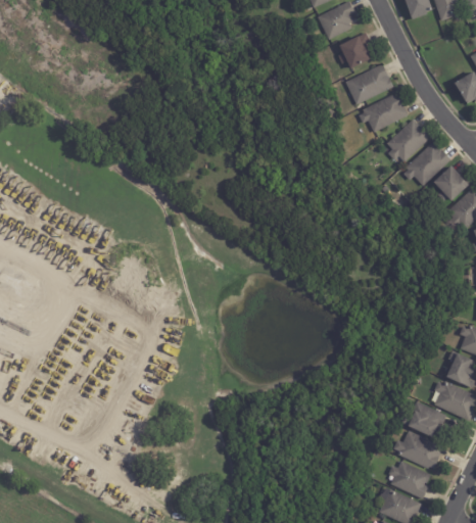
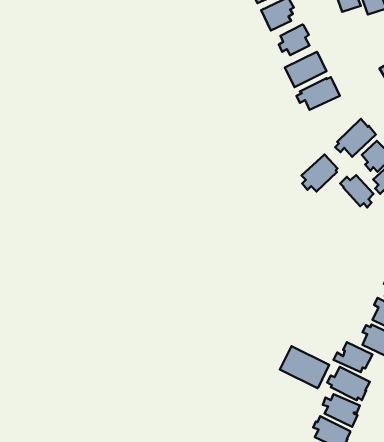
building: [387,118,429,161] -> [301,154,338,191]
building: none -> [340,175,374,207]
building: none -> [280,346,329,388]

